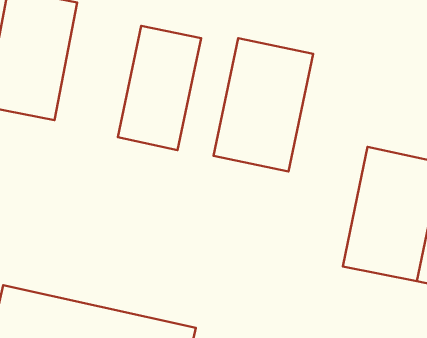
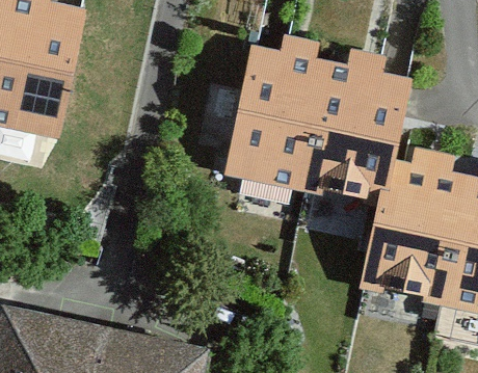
building: [118,26,201,150] -> none
building: none -> [304,61,405,199]

